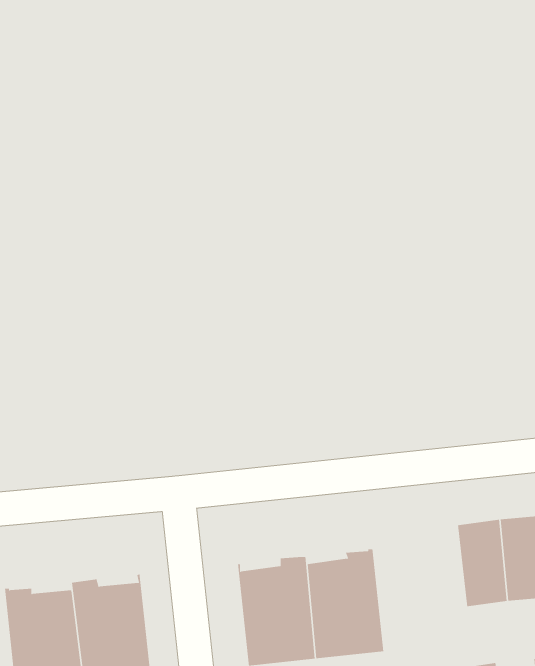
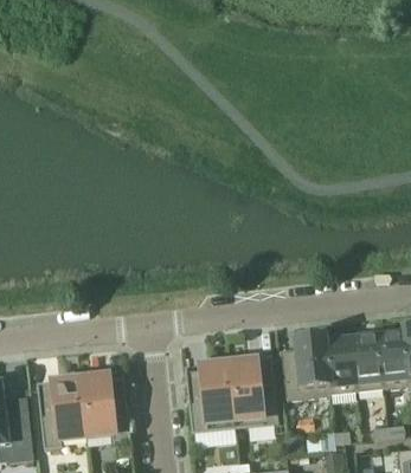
building: none -> [280,338,329,400]

